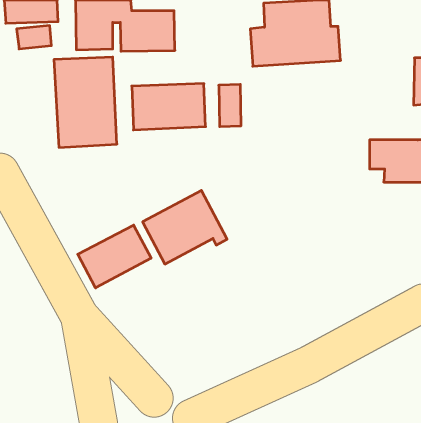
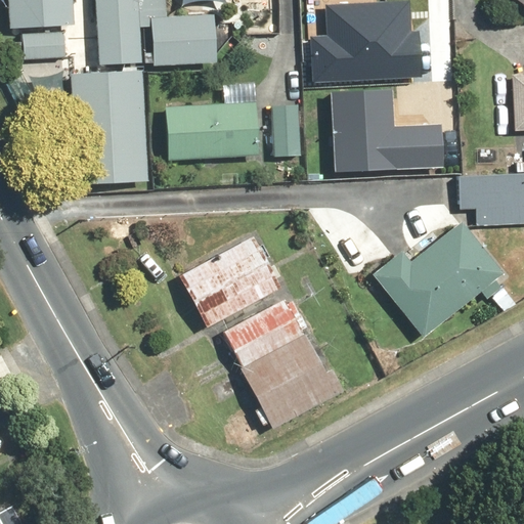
building: none -> [331,83,440,168]
building: none -> [373,221,504,336]
building: [78,225,151,288] -> none
building: none -> [225,299,341,429]

